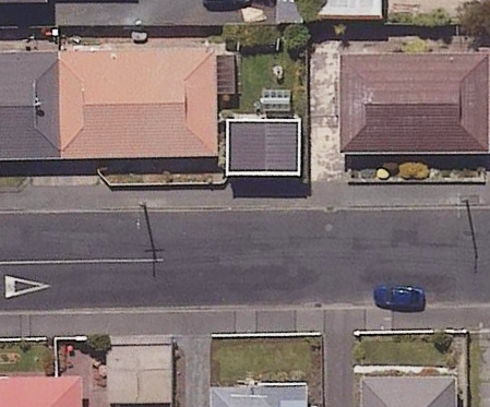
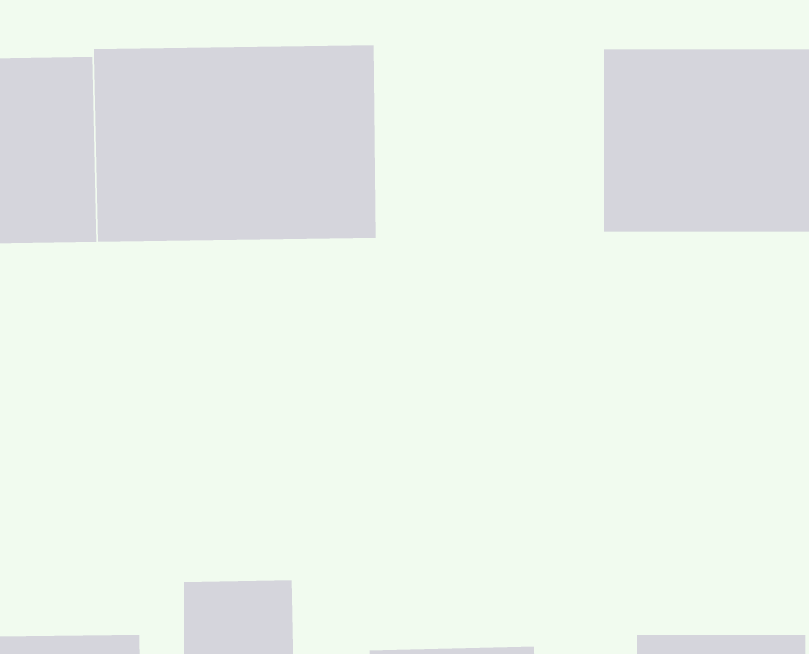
building: [228,121,299,176] -> none

